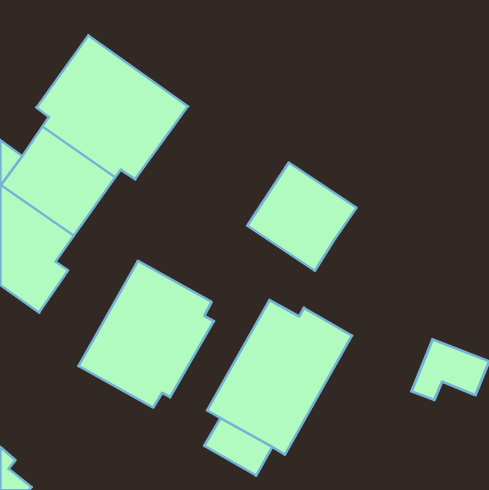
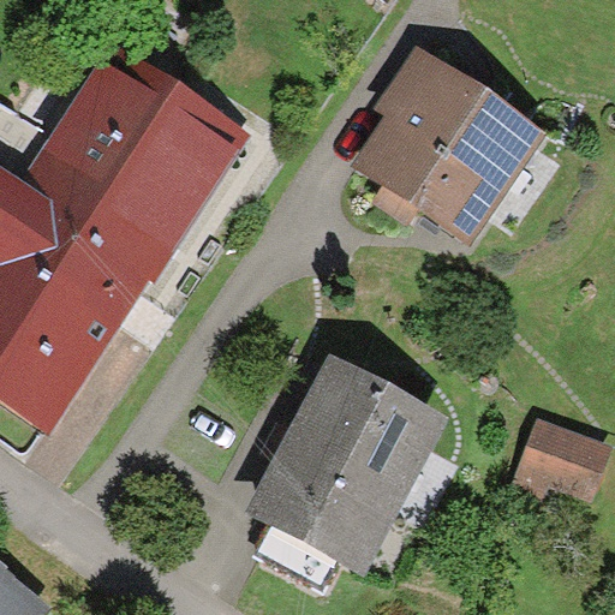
building: none -> [358,53,527,221]
building: [247,163,356,271] -> none
building: [78,261,214,407] -> none

